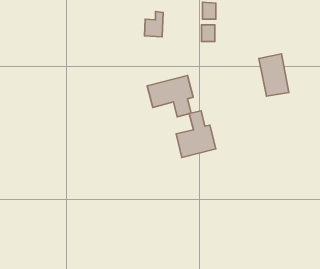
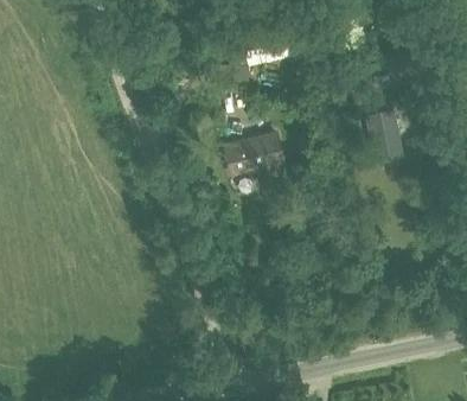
building: [176,111,216,157] -> none

